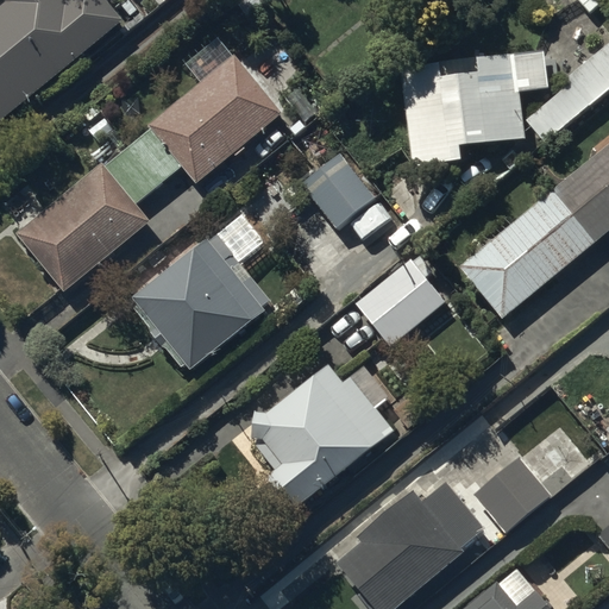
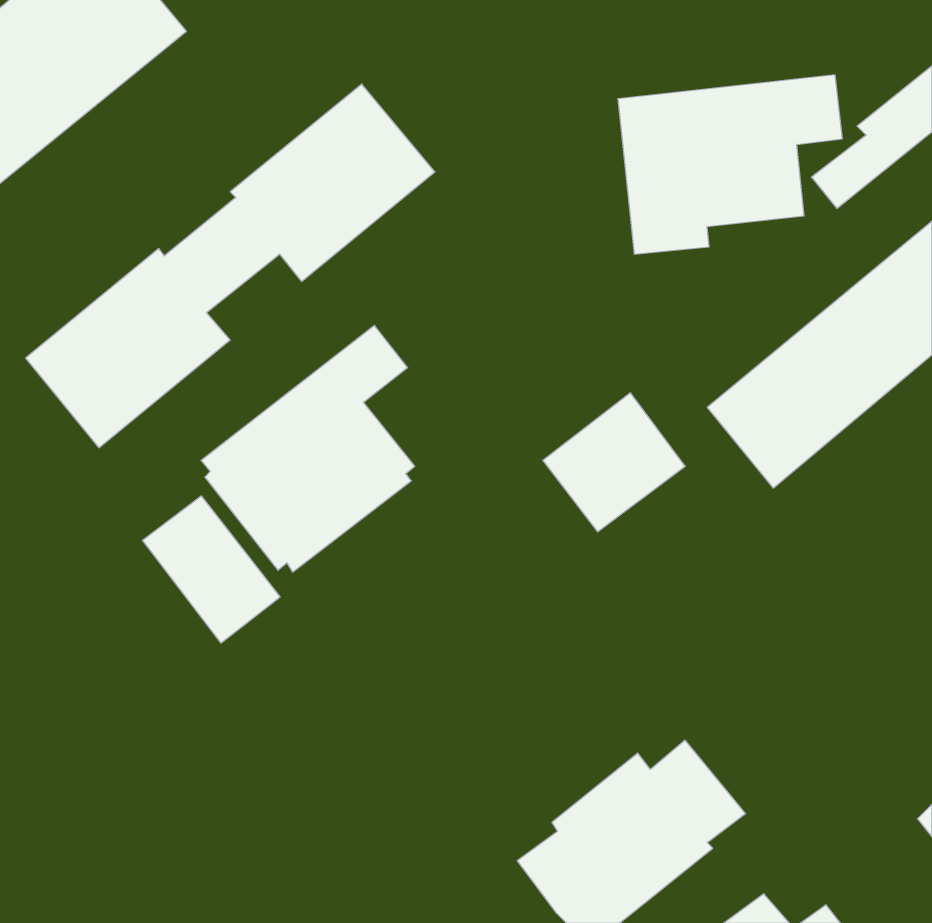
building: [301,150,389,237] -> none
building: none -> [143,496,280,643]
building: [252,364,393,510] -> none
building: [473,456,573,532] -> none

